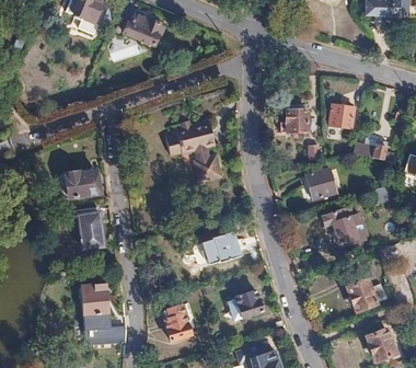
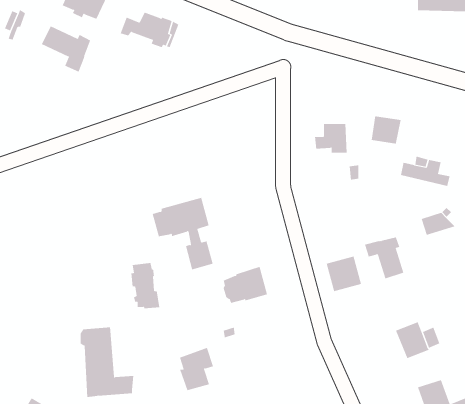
building: none -> [41,25,91,73]
building: [164,120,217,183] -> [152,197,213,270]
building: [304,169,335,199] -> [326,256,362,292]
building: [66,170,101,197] -> none
building: [79,207,104,246] -> [131,262,160,309]
building: [235,290,263,318] -> none

